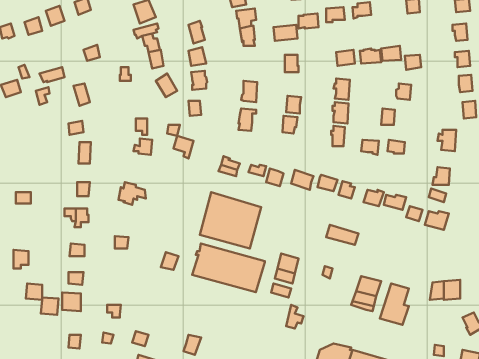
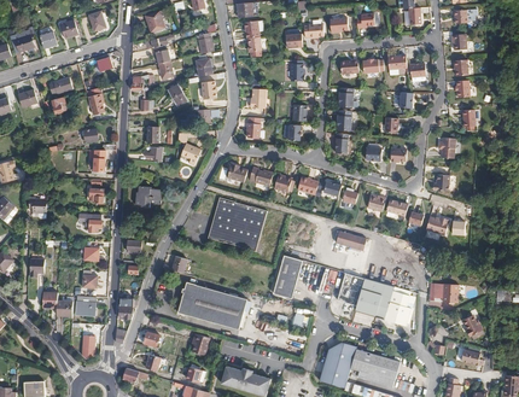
building: [192,244,265,292] -> [176,281,246,328]

